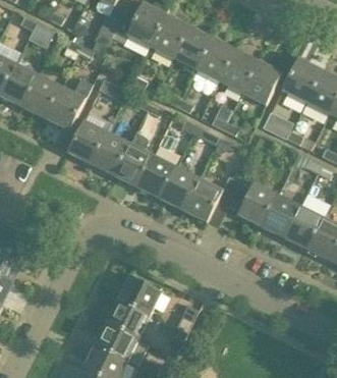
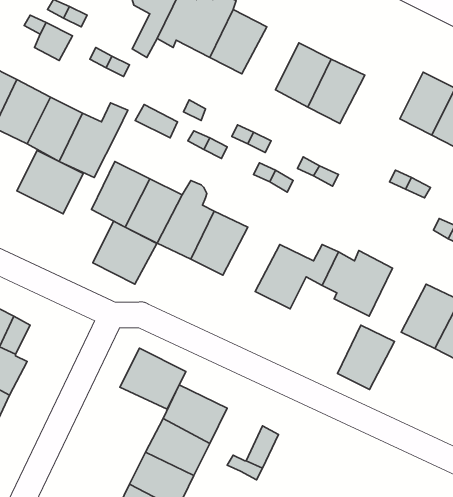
building: [172,25,212,69] -> none
building: [240,59,282,105] -> none
building: none -> [17,150,83,214]
building: none -> [93,221,157,284]
building: [159,165,199,210] -> none
building: [261,194,300,238] -> [337,325,394,390]
building: none -> [120,348,186,409]

